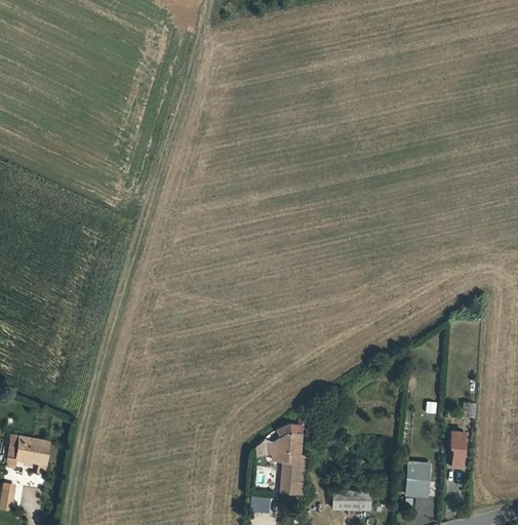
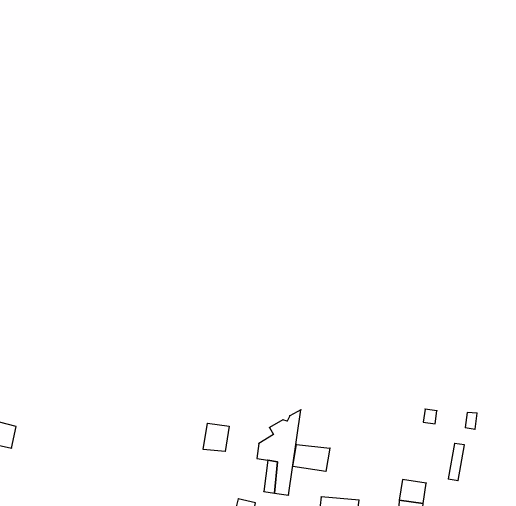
building: none -> [203,423,229,451]
building: none -> [293,444,330,471]

